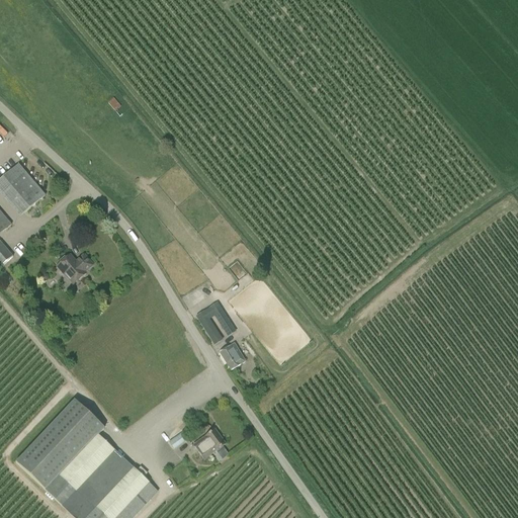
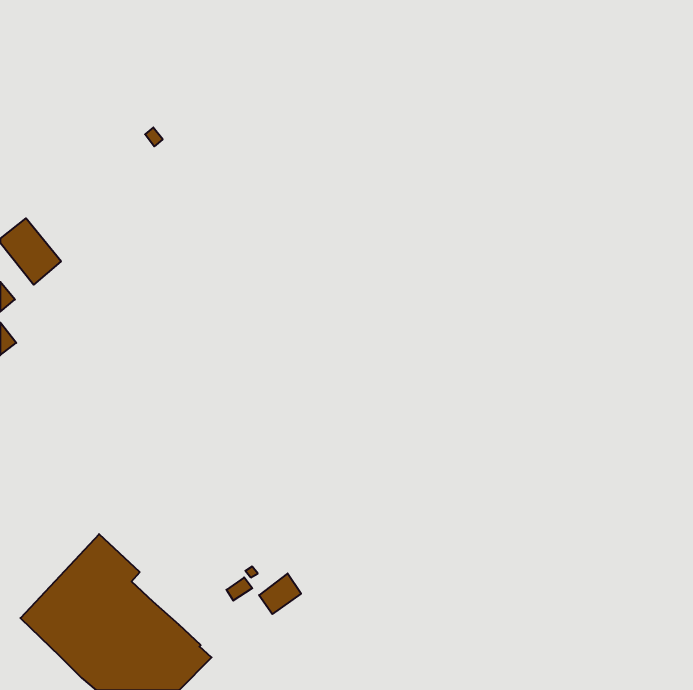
building: [57,253,93,283] -> none
building: [196,303,231,338] -> none
building: [220,342,245,369] -> none

